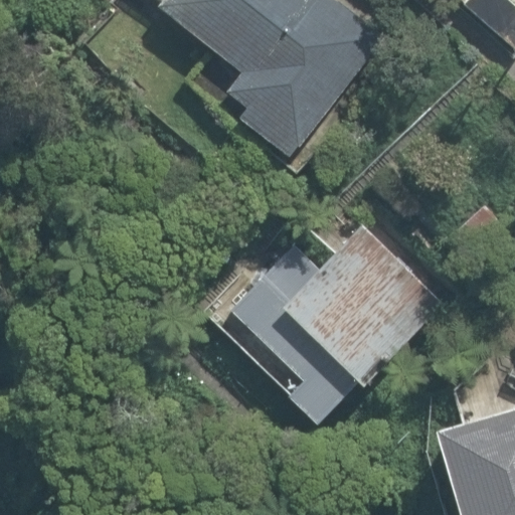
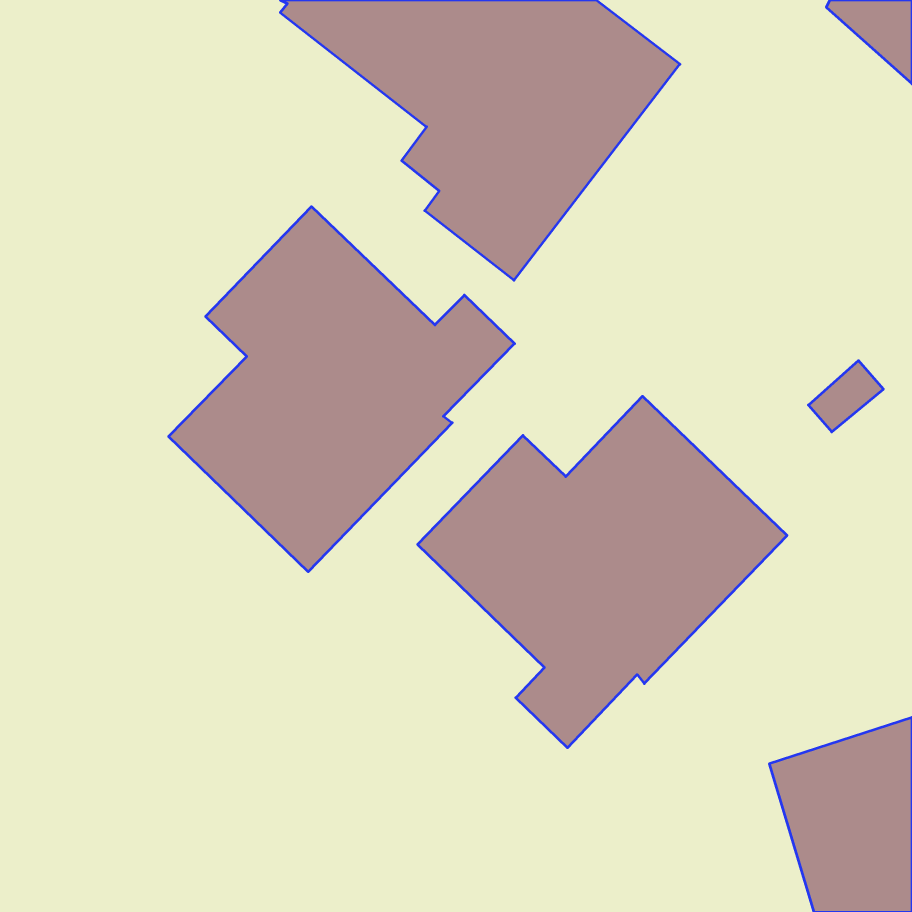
building: none -> [169,207,515,572]

